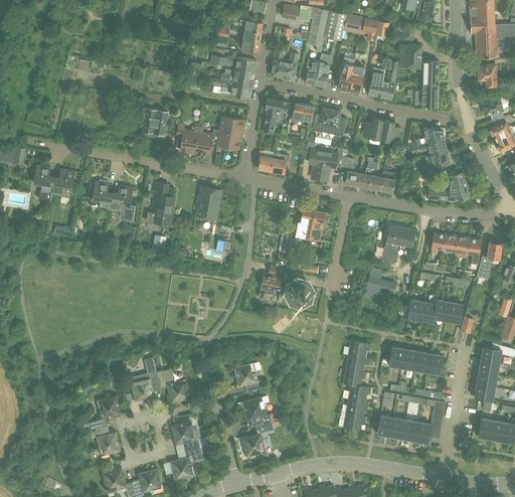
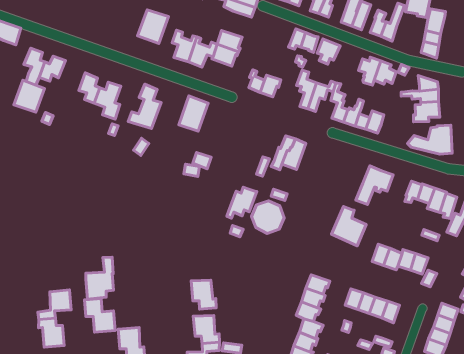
building: [263,98,288,132] -> none
building: none -> [14,80,44,112]
building: [156,368,191,402] -> [85,298,115,332]

